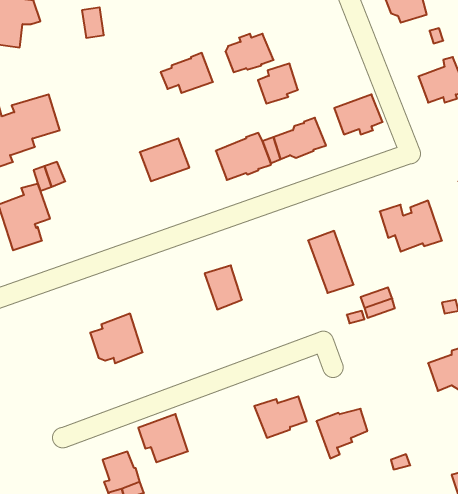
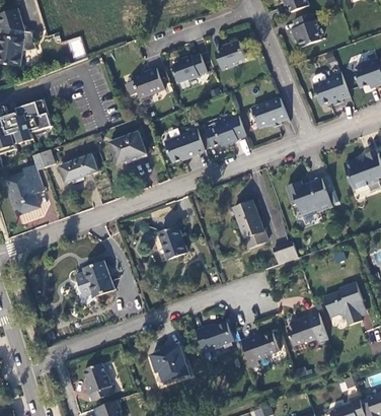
building: [258,64,298,104] -> [217,41,246,70]
building: none -> [60,154,98,183]
building: none -> [287,311,327,344]
building: [138,414,188,462] -> [152,345,188,380]

